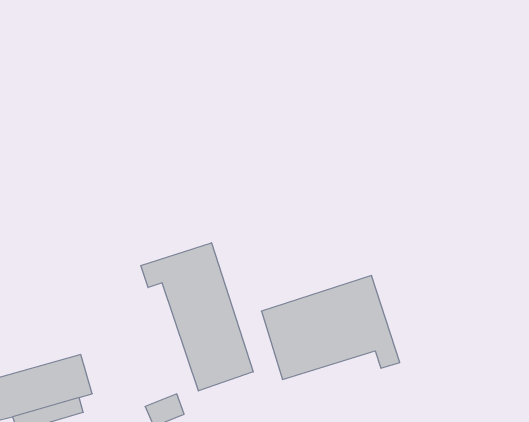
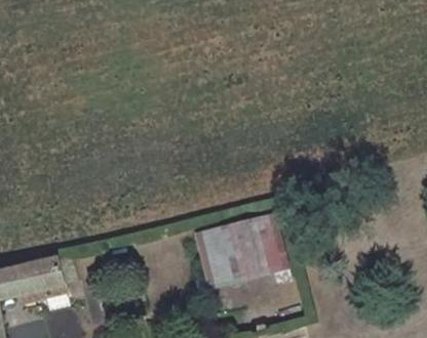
building: [141,243,253,391] -> none

